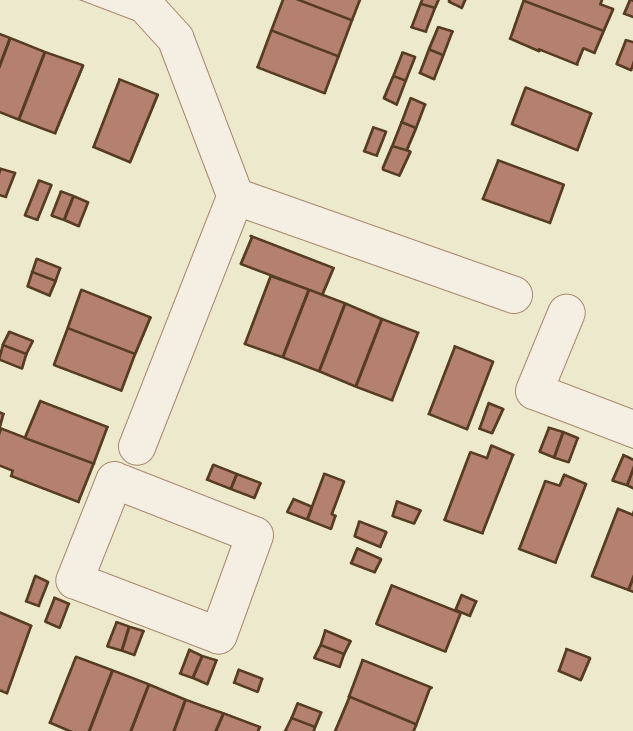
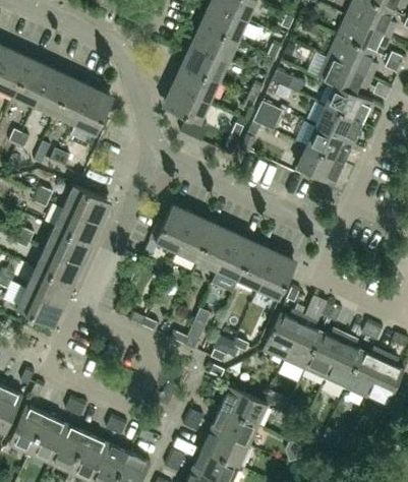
building: none -> [325,84,371,123]
building: none -> [54,77,93,124]
building: none -> [162,84,210,123]
building: none -> [306,126,352,163]
building: [241,236,334,295] -> none
building: none -> [63,185,111,224]
building: none -> [237,242,275,289]
building: none -> [36,247,82,285]
building: none -> [284,315,322,369]
building: none -> [325,335,362,387]
building: none -> [211,407,258,445]
building: none -> [8,405,47,451]

